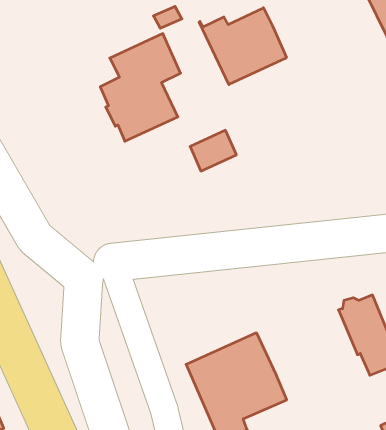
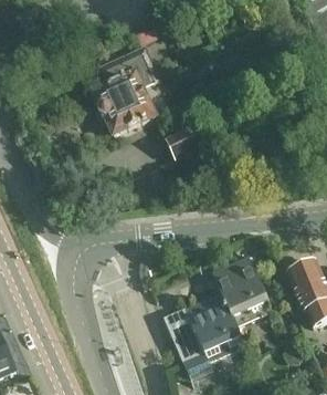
building: [199,8,286,85] -> none
building: none -> [211,256,272,324]

